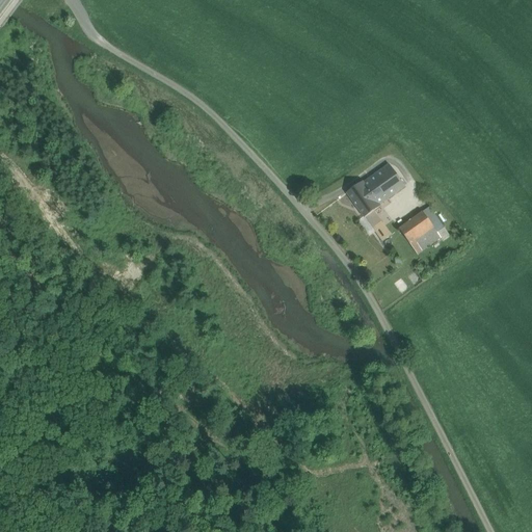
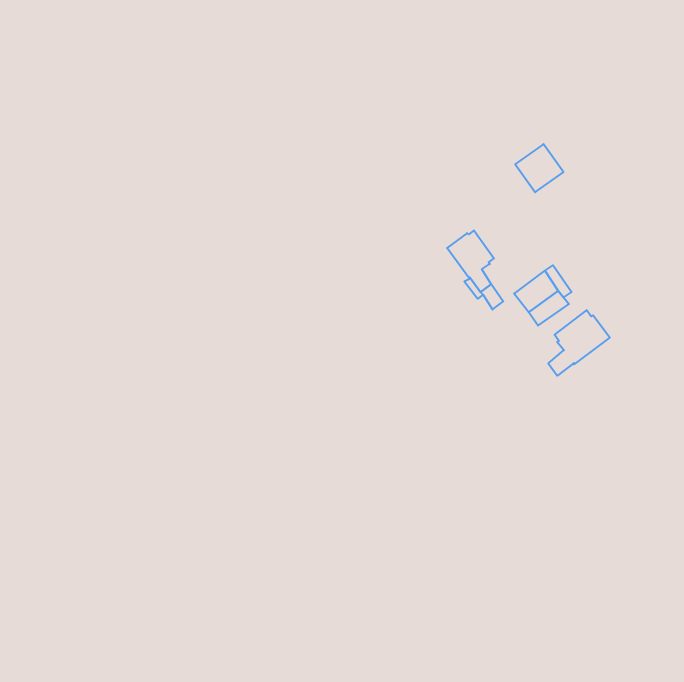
building: [368,163,405,201] -> [515,144,563,192]
building: none -> [548,310,610,376]

